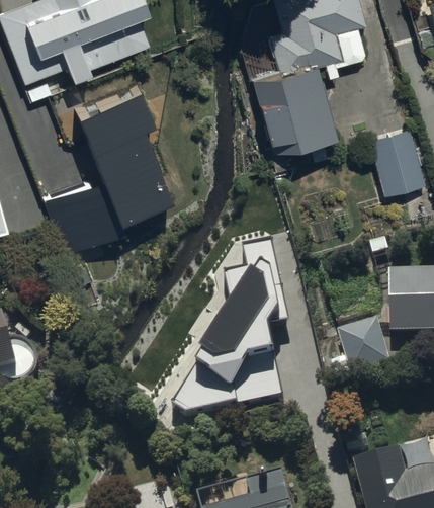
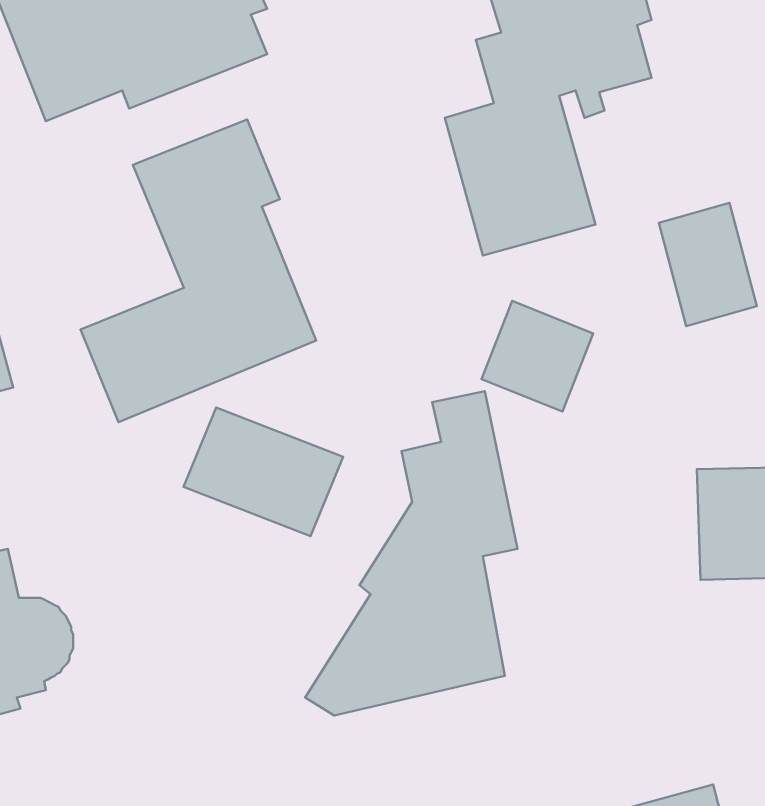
building: none -> [481,301,593,412]
building: none -> [184,408,343,536]
building: [339,324,392,379] -> none

